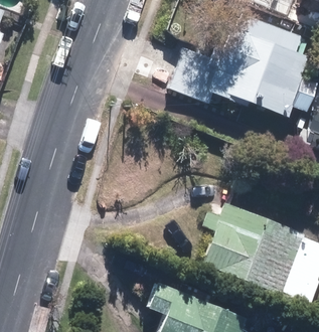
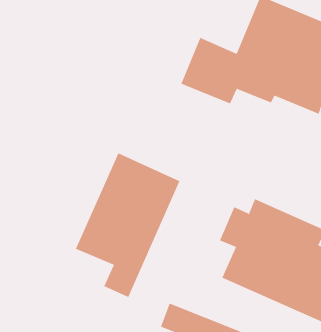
building: none -> [75,152,180,298]

